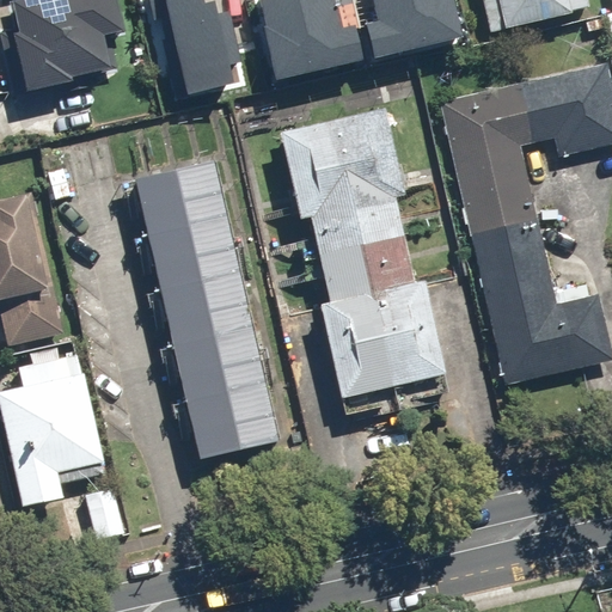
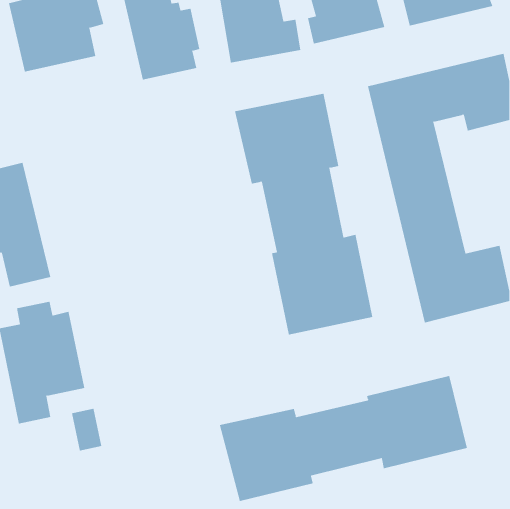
building: [134,159,281,461] -> none
building: none -> [219,375,468,502]

